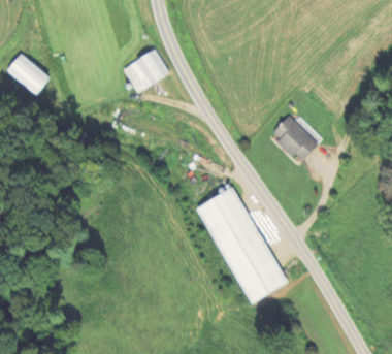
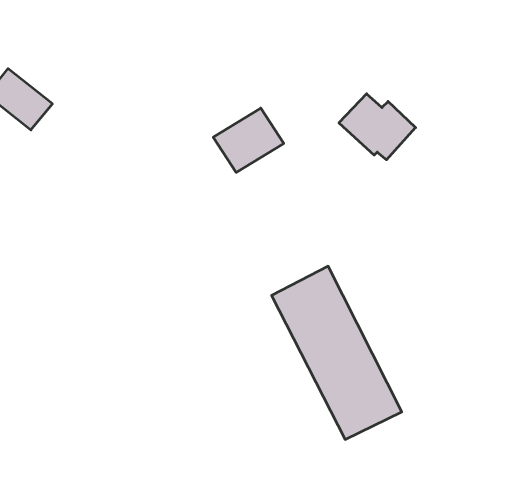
building: [122,50,169,93] -> [213,108,284,172]
building: [269,116,321,160] -> [339,94,416,160]

